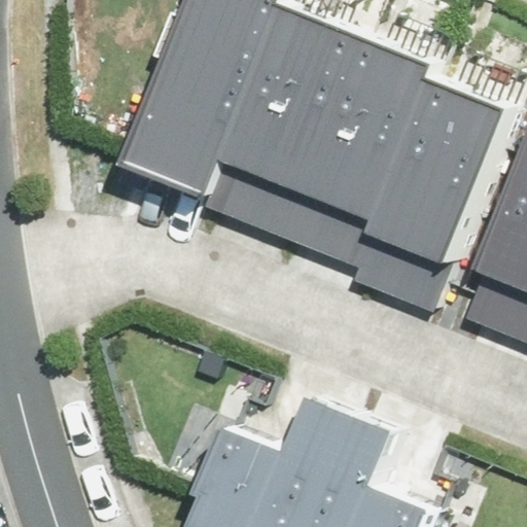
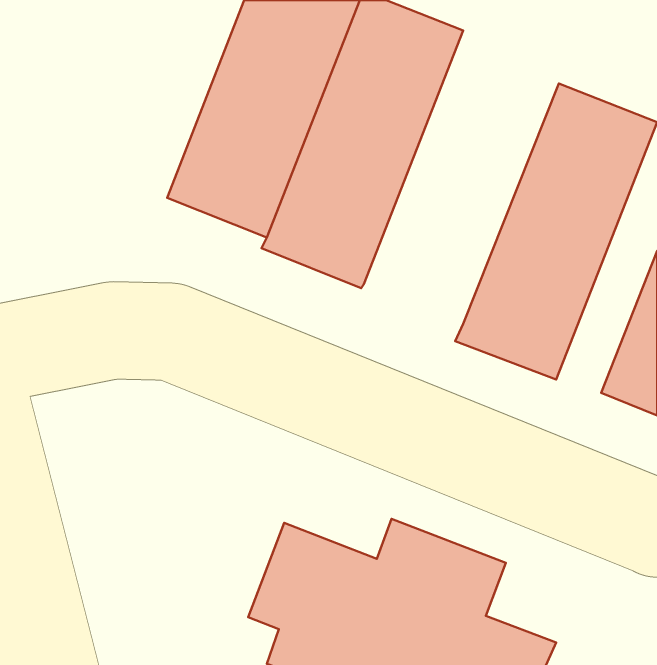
building: [282,34,436,261] -> none

